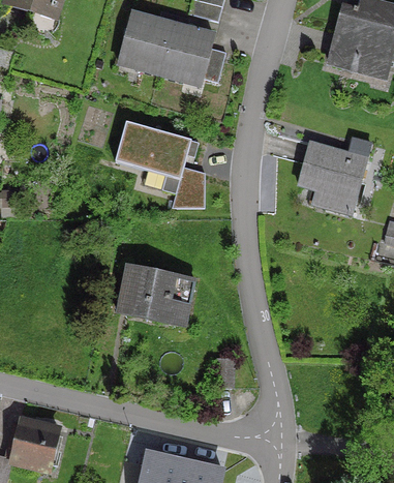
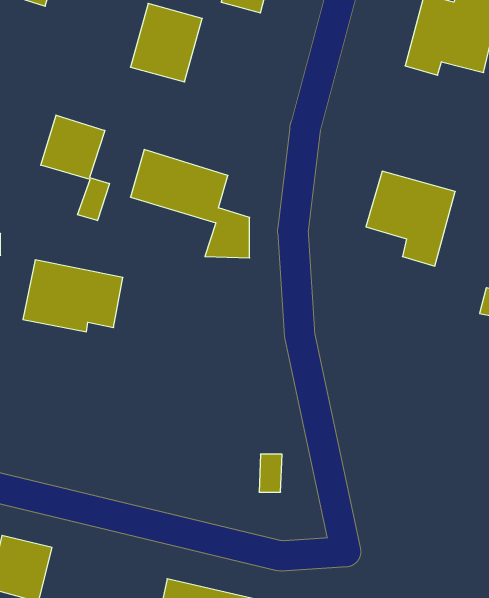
building: [159,24,225,84] -> none
building: none -> [41,115,109,221]
building: [117,265,193,320] -> [23,260,123,332]

